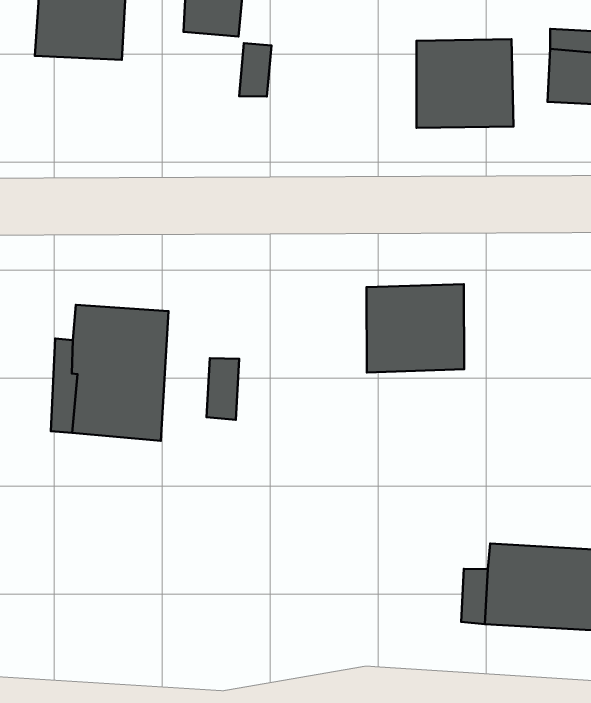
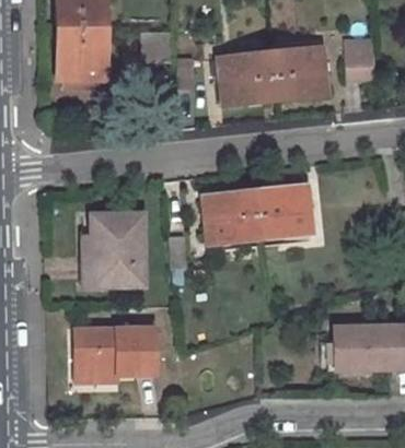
building: none -> [210,51,271,105]
building: none -> [202,190,256,243]
building: none -> [76,331,155,377]

